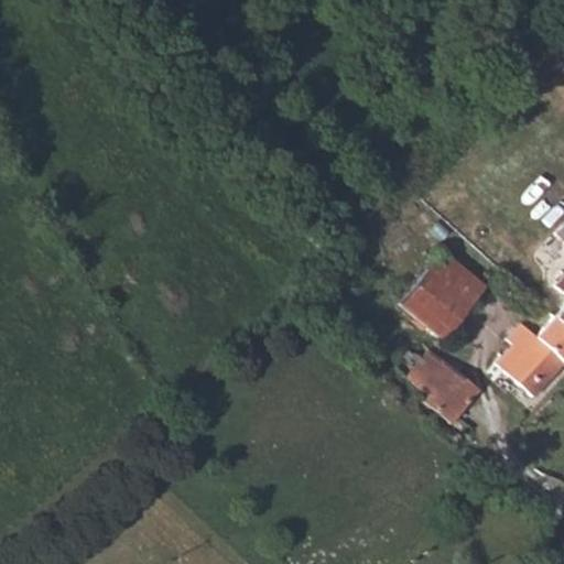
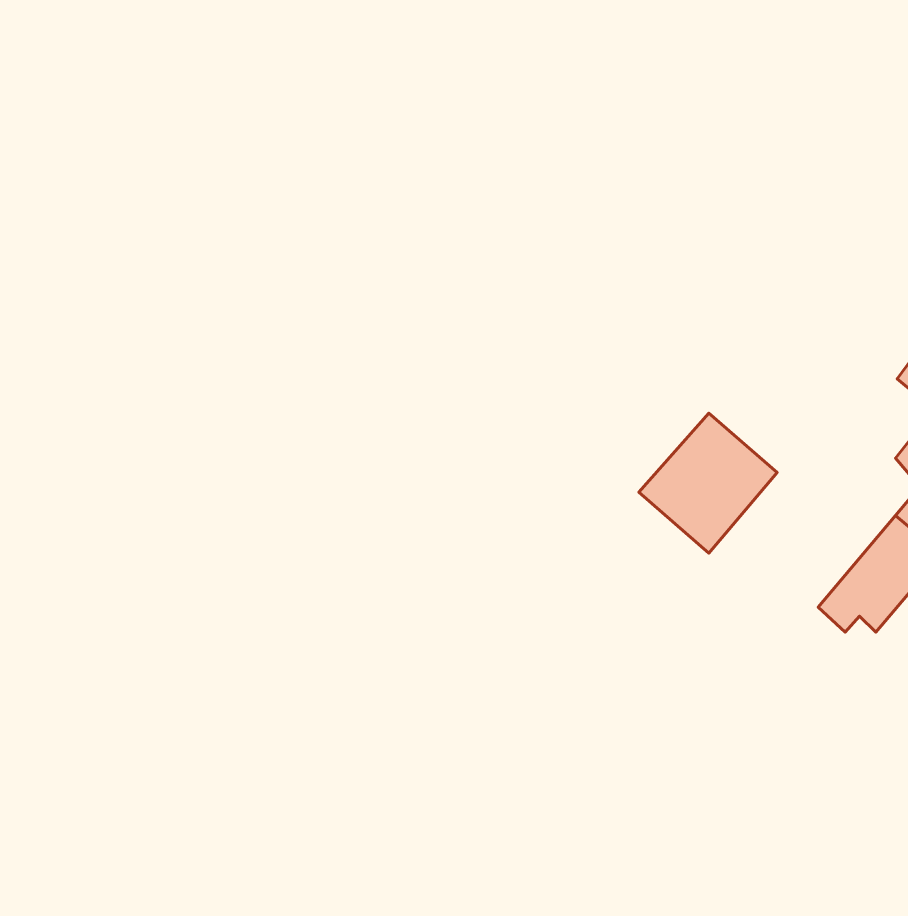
building: [413,351,485,421] -> none

